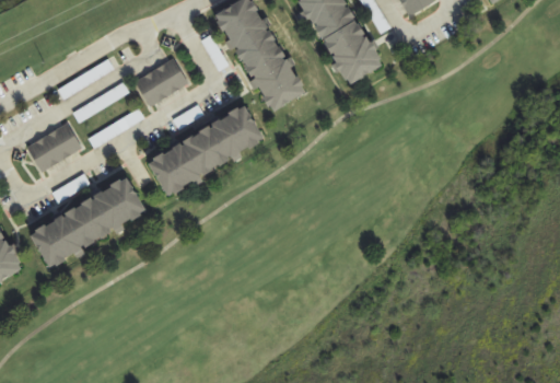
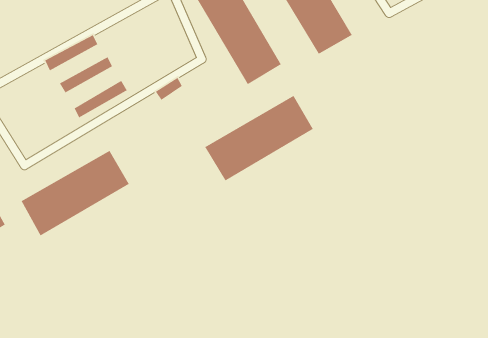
building: [136,56,188,104] -> none
building: [148,109,262,200] -> [204,95,314,181]
building: [26,121,81,170] -> none

